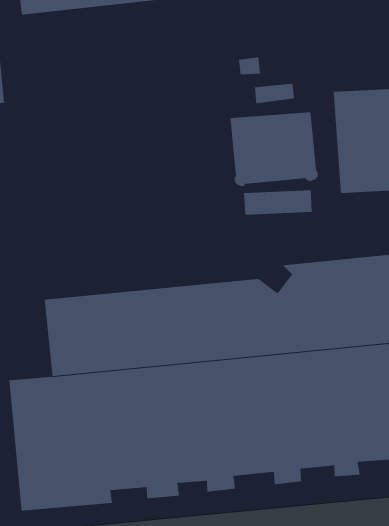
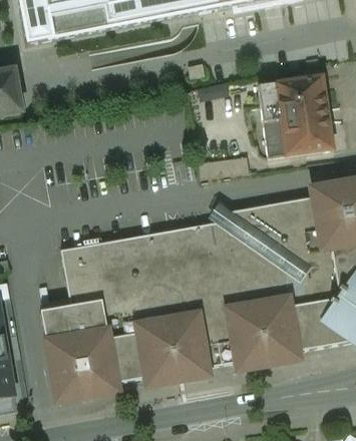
building: [230,112,318,187] -> none

